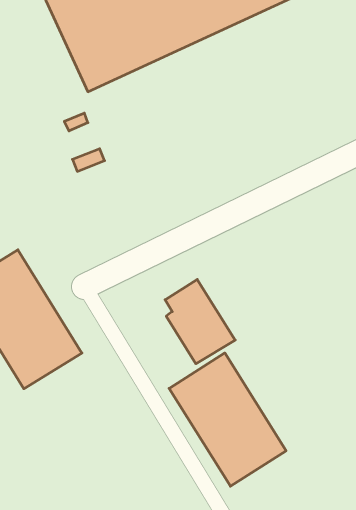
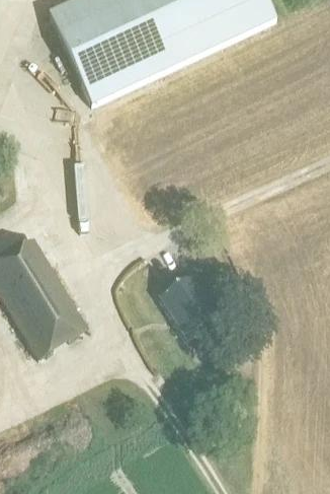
building: [169,353,286,486] -> none

